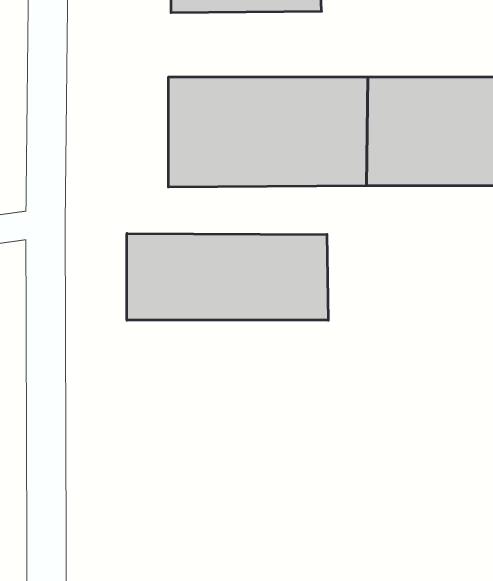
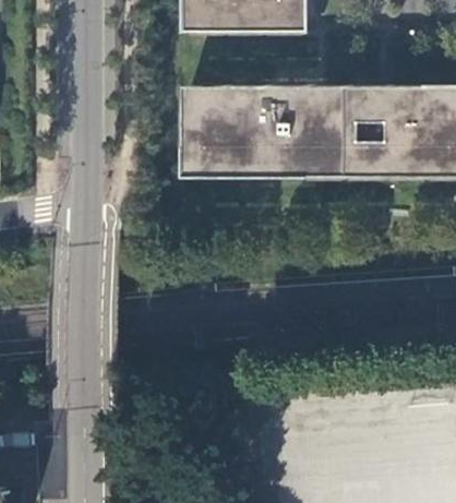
building: [127,233,328,320] -> none

